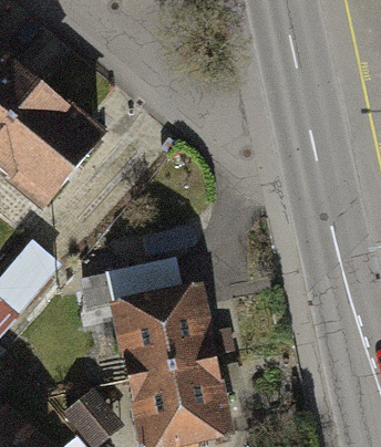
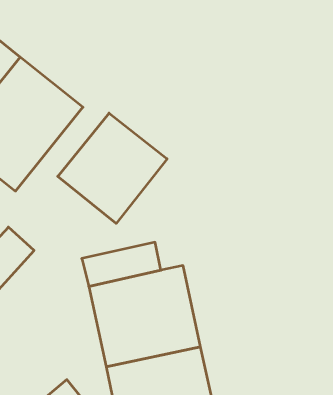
building: none -> [58,113,167,223]

